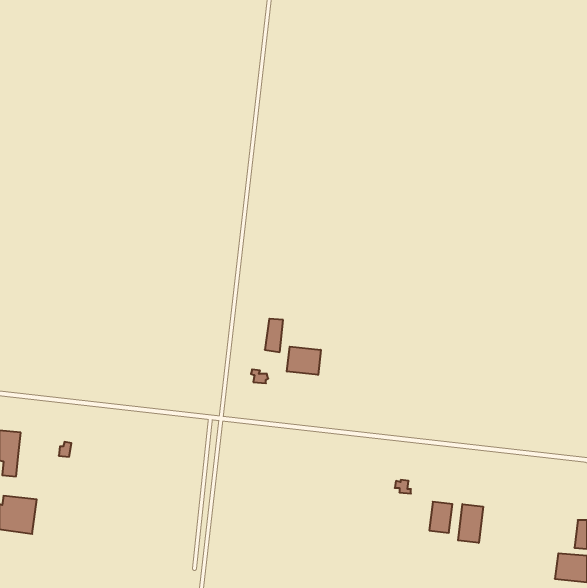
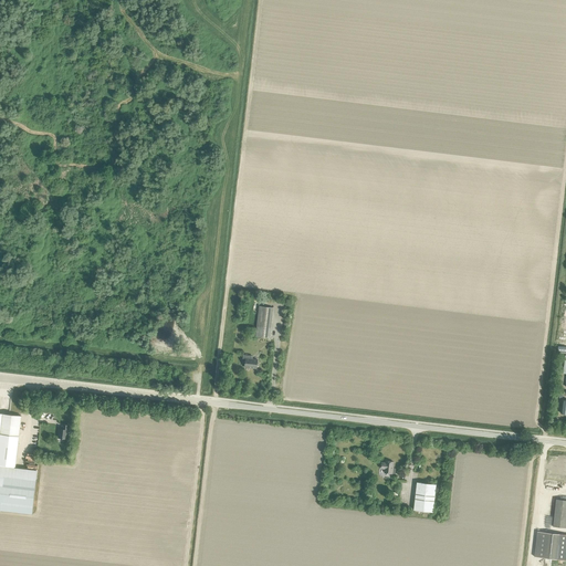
building: [287,347,321,375] -> none
building: [458,504,483,543] -> none

